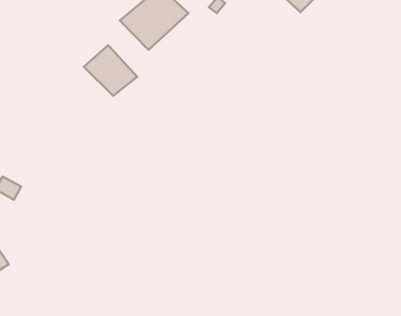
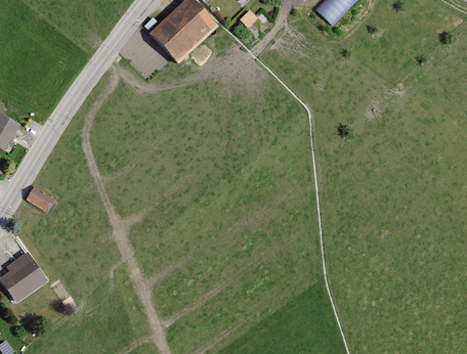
building: [84,45,137,96] -> none

